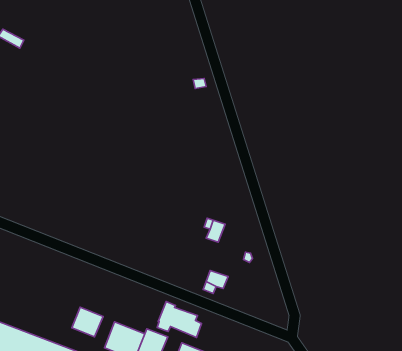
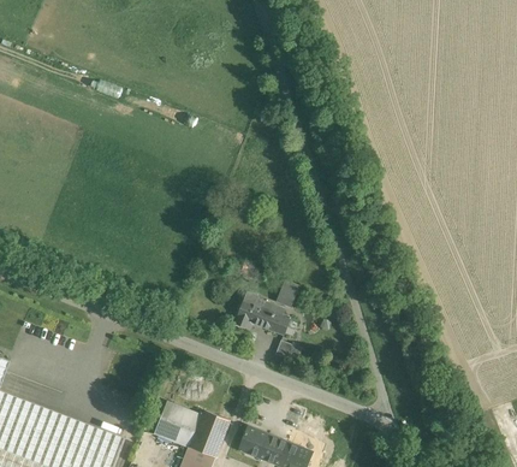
building: [157,301,202,338] -> [237,292,290,336]
building: [72,307,103,337] -> none

